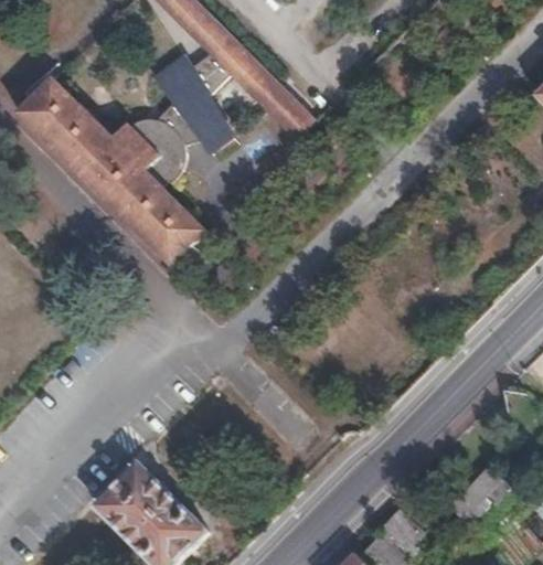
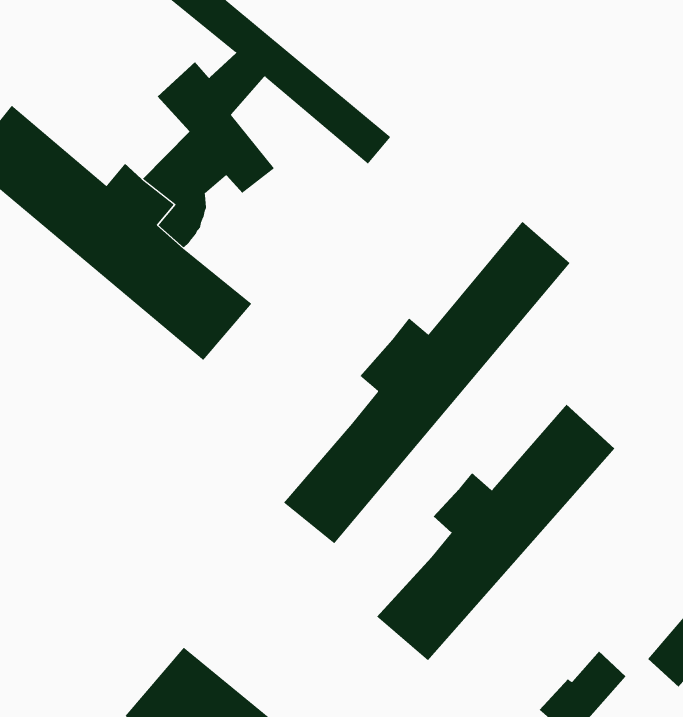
building: none -> [283,221,570,544]
building: none -> [376,404,615,661]

